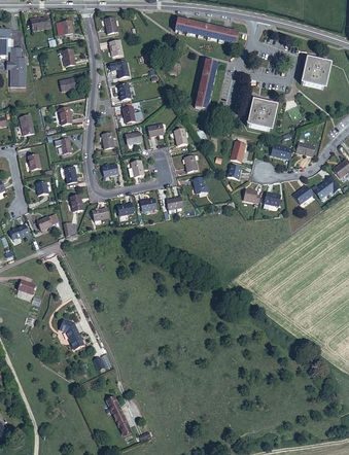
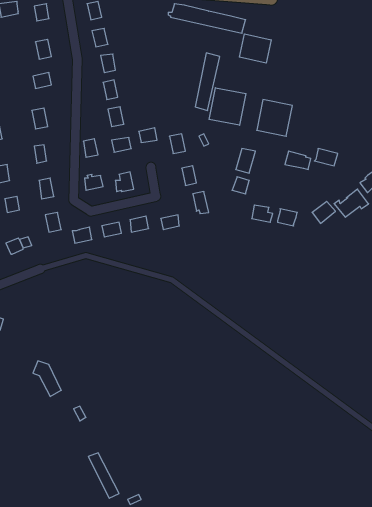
building: none -> [239,34,271,63]
building: [301,58,330,89] -> none
building: none -> [209,88,246,125]

